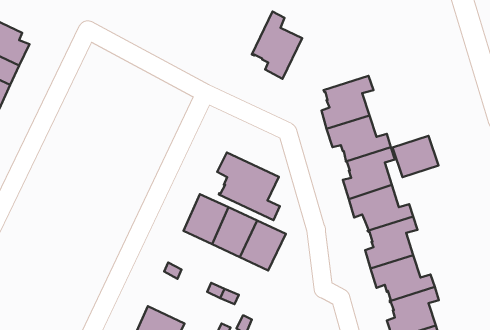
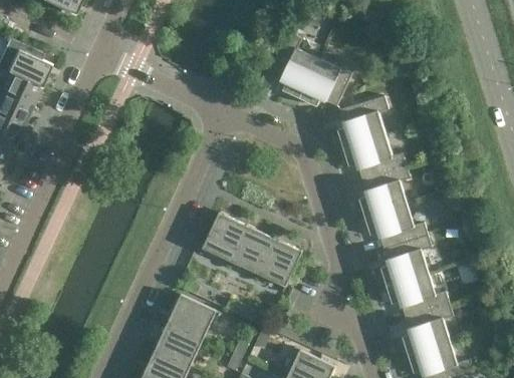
building: none -> [299,57,356,106]
building: [392,136,438,177] -> none
building: [217,153,280,220] -> none
building: none -> [167,294,216,339]

